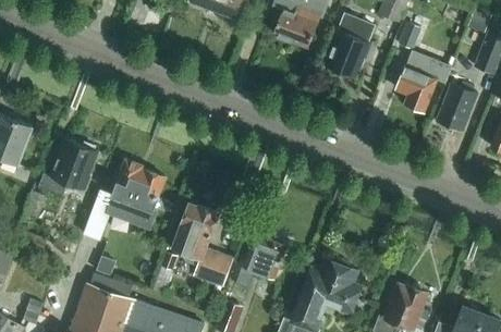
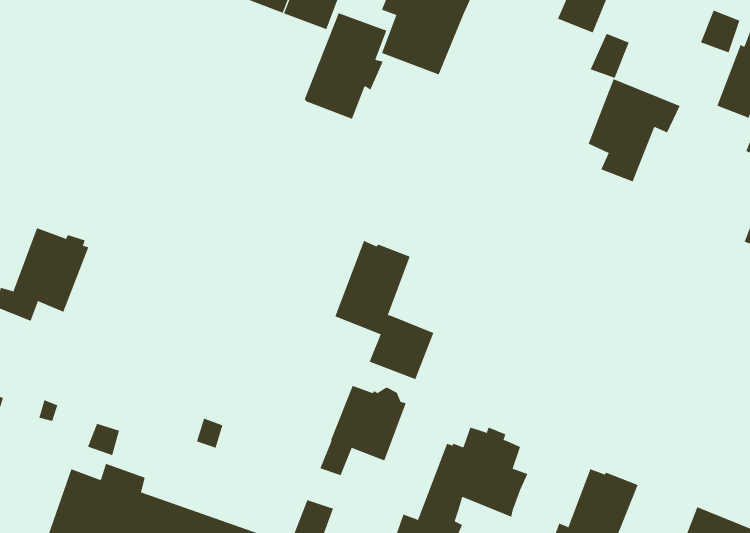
building: [325,13,375,77] -> [304,12,387,119]
building: [436,83,477,131] -> none
building: [84,159,164,239] -> none
building: [172,202,232,286] -> [334,240,434,380]

